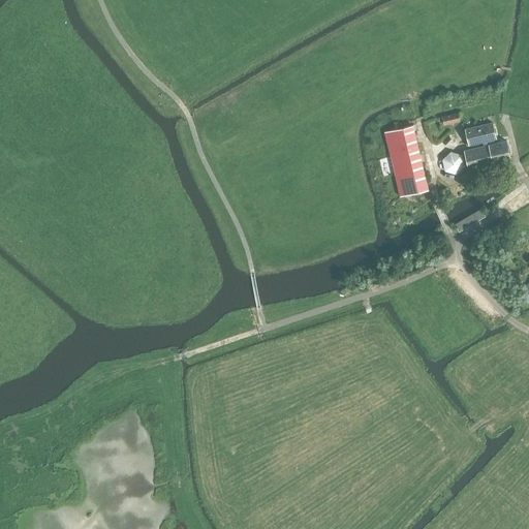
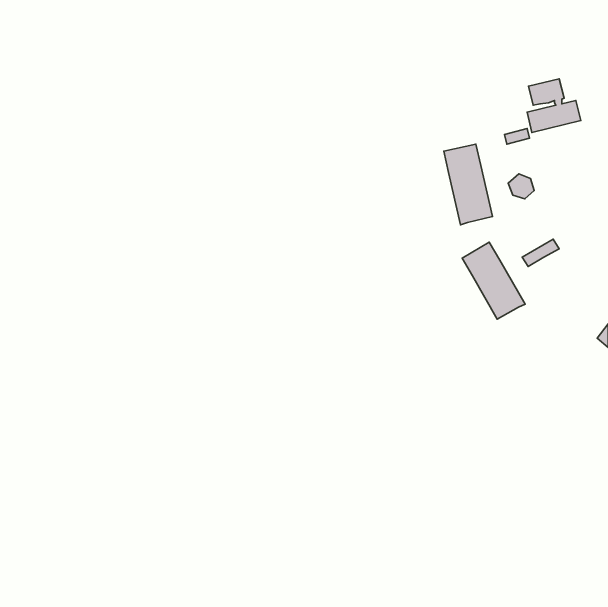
building: [464,123,510,169] -> [527,79,581,133]
building: none -> [462,242,525,319]

